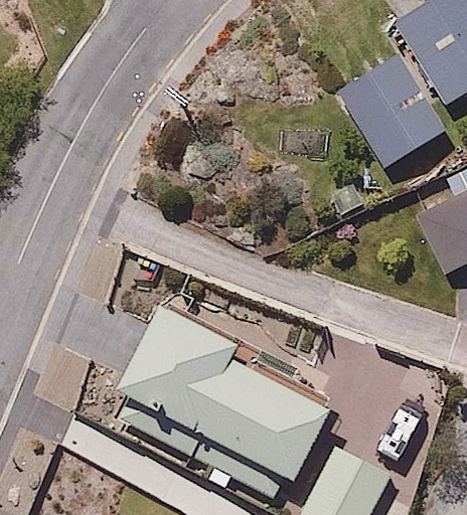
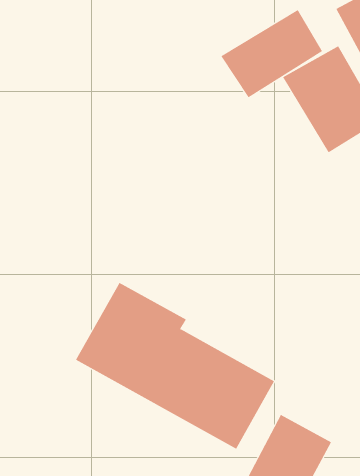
building: none -> [220,9,323,98]

